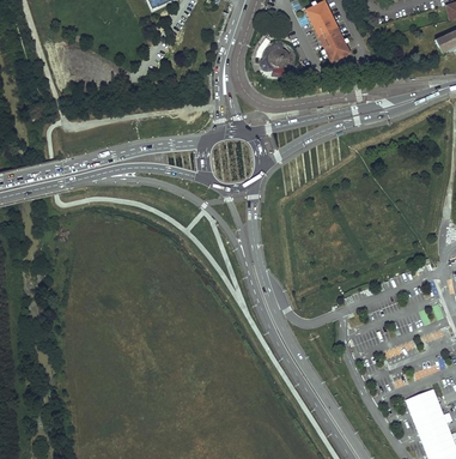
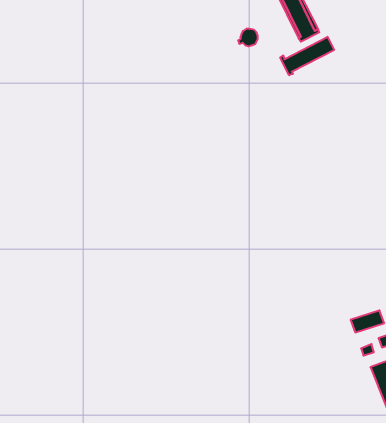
building: none -> [280,37,334,75]

